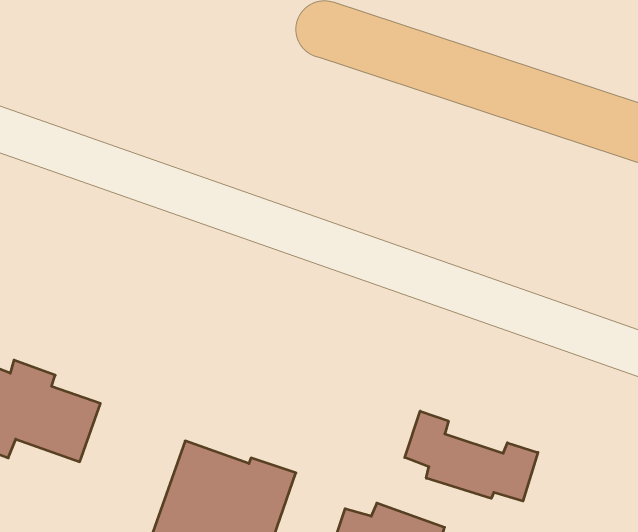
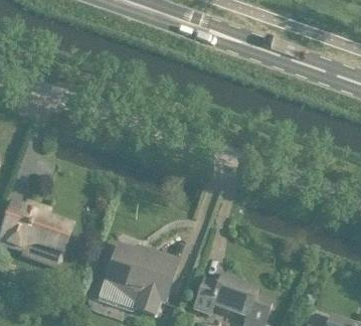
building: [405,411,538,501] -> none

